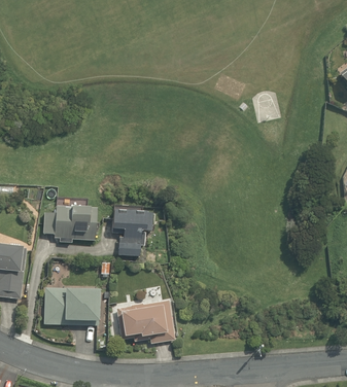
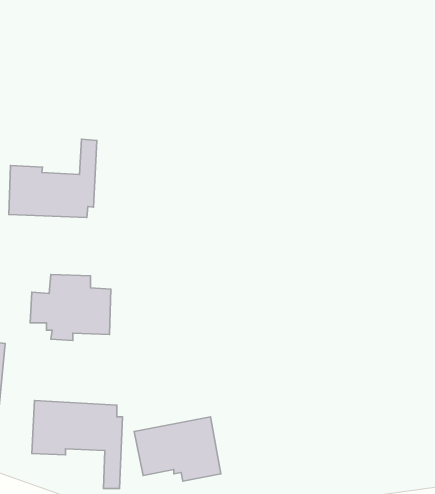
building: none -> [9,139,97,217]
building: [112,202,152,256] -> none

